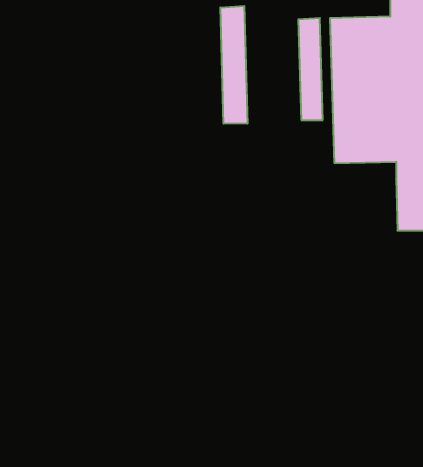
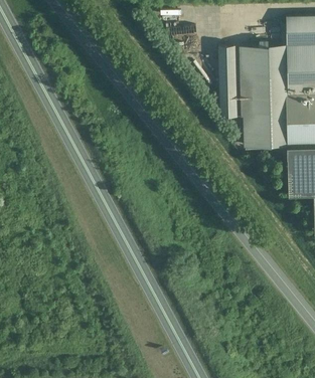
building: [220,6,247,124] -> none

